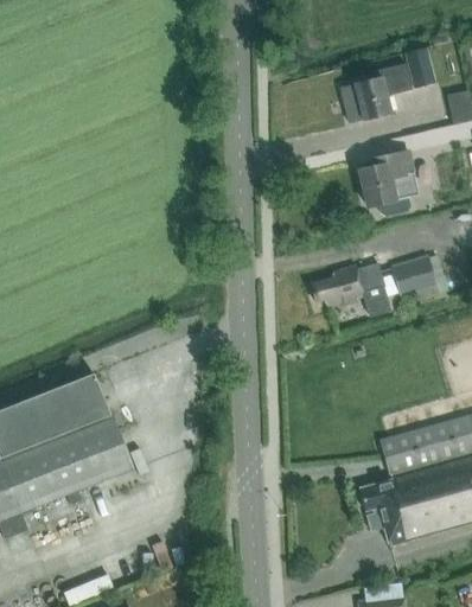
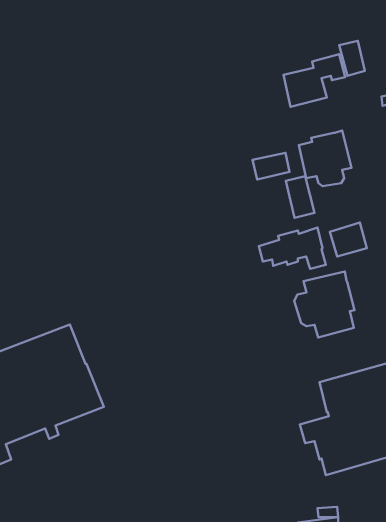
building: none -> [253,153,289,179]
building: none -> [286,176,315,218]
building: none -> [294,272,354,337]

